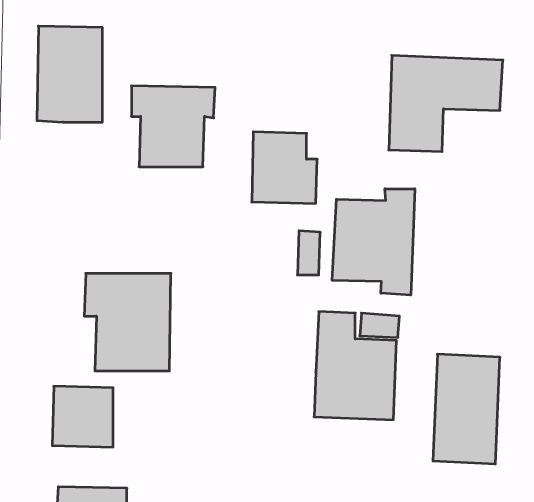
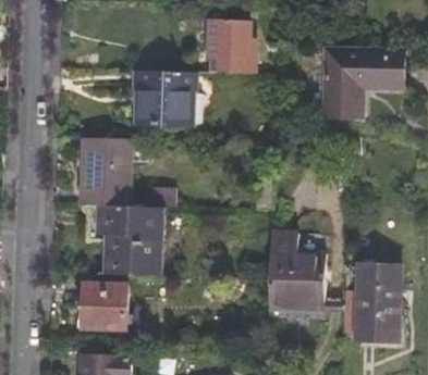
building: [37,26,102,122] -> [85,136,132,204]
building: [252,132,317,203] -> [206,22,253,73]
building: [332,189,415,295] -> none

